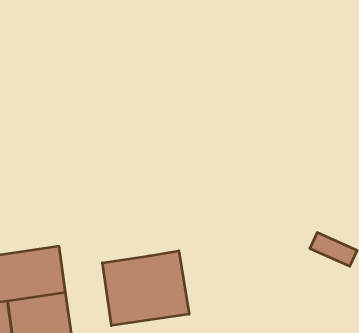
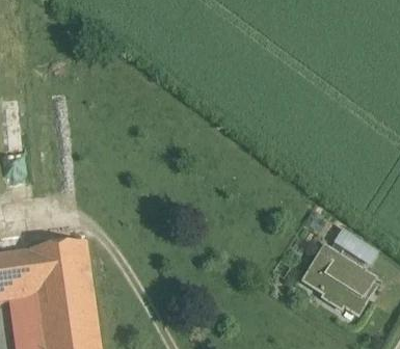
building: [102,251,189,326] -> none
building: none -> [302,249,374,317]

